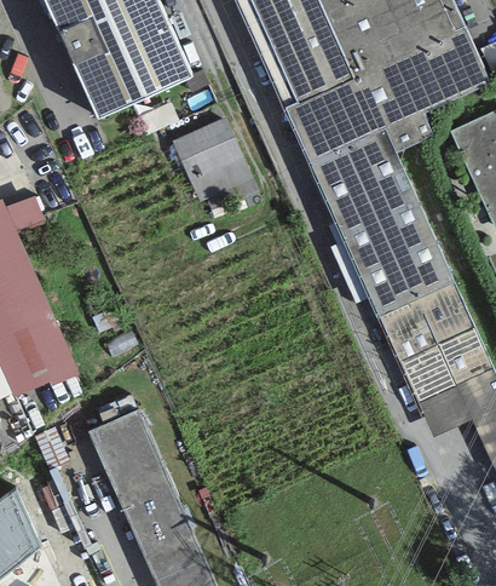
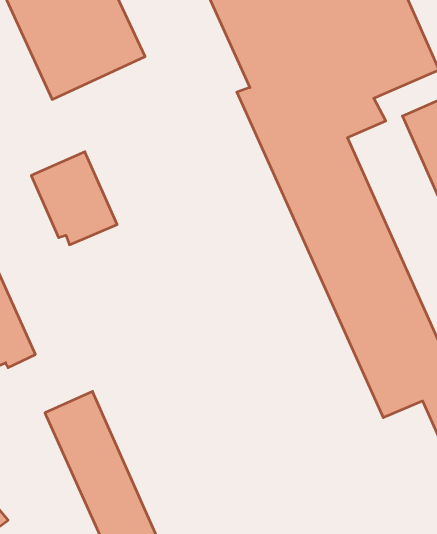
building: [172,117,259,212] -> [31,152,117,245]

